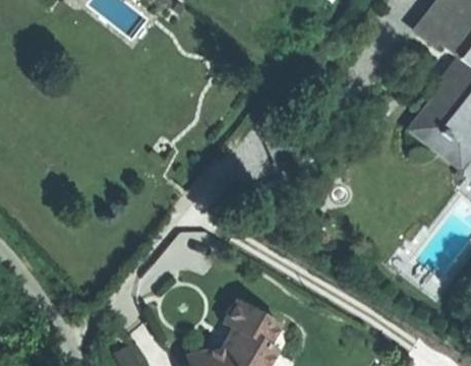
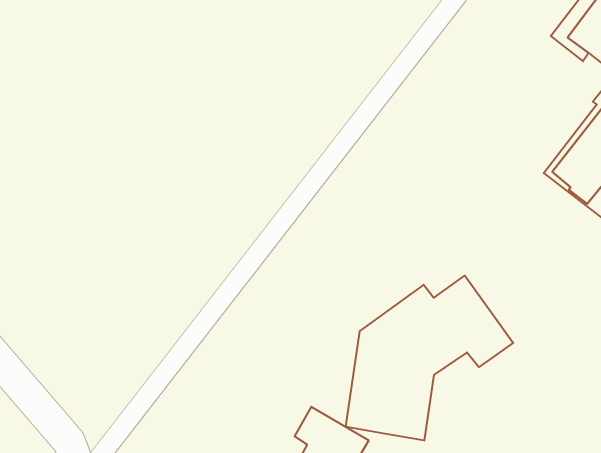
building: none -> [346,276,513,441]

